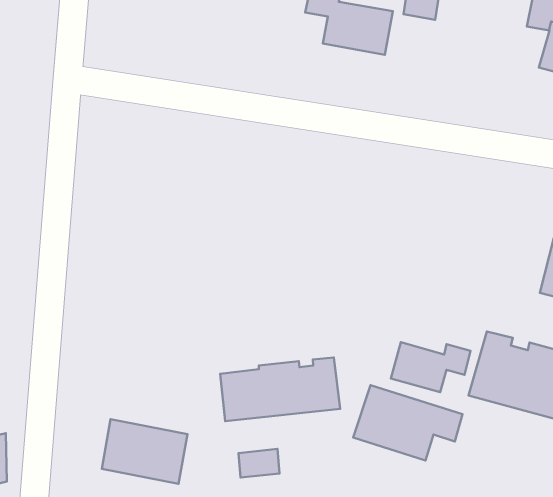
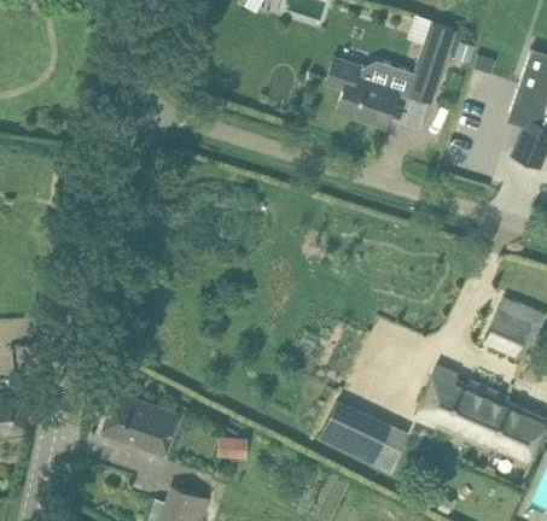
building: [391,342,471,392] -> none
building: [220,358,340,421] -> none

